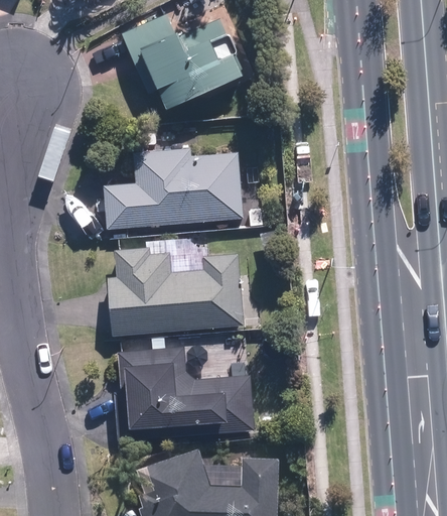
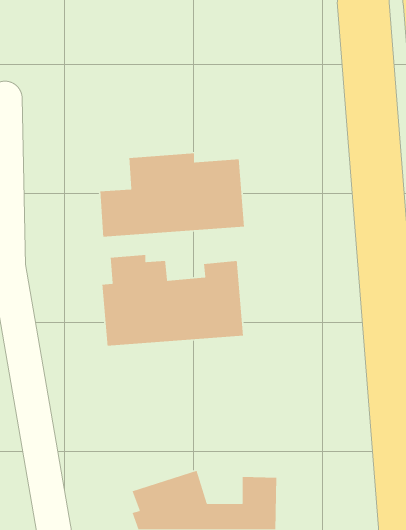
building: [124,14,248,110] -> none
building: [121,348,254,429] -> none

